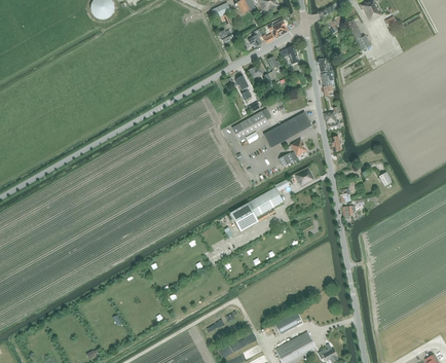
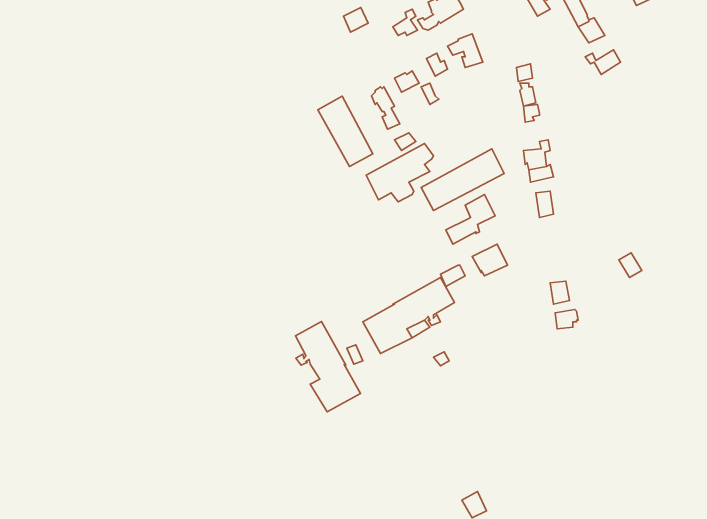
building: none -> [318,96,373,166]
building: none -> [295,322,360,412]

